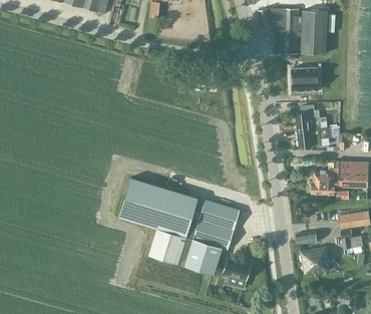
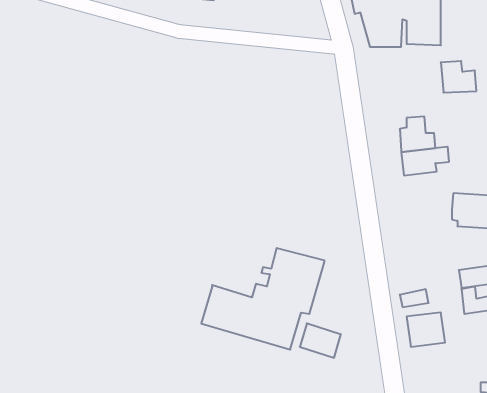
building: [291,67,317,90] -> [441,61,476,93]
building: [310,172,333,194] -> none
building: [119,179,199,237] -> none

